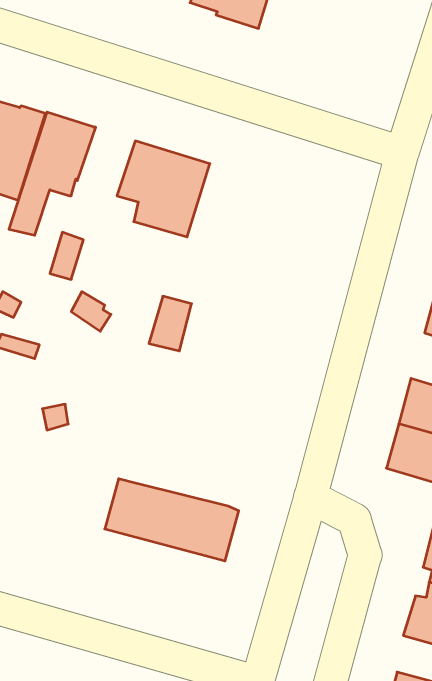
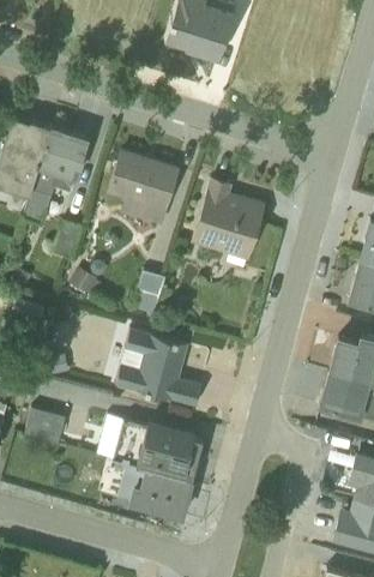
building: none -> [192,179,265,268]
building: none -> [116,327,203,407]
building: none -> [26,409,66,444]
building: none -> [119,463,193,517]

